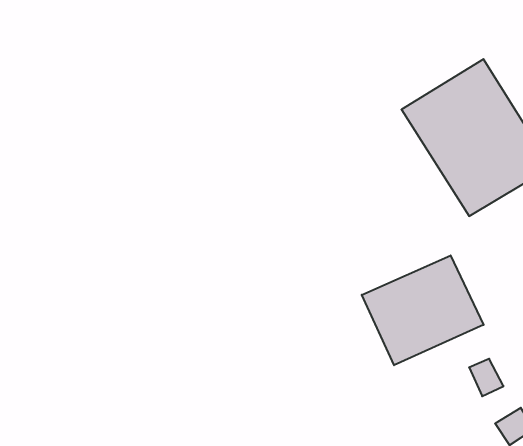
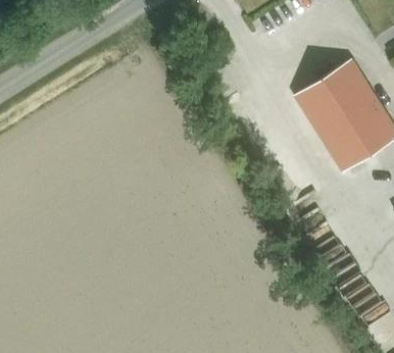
building: [362,255,484,365] -> none

